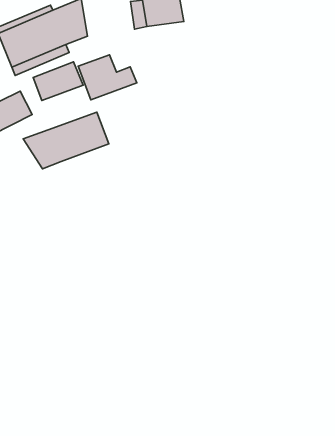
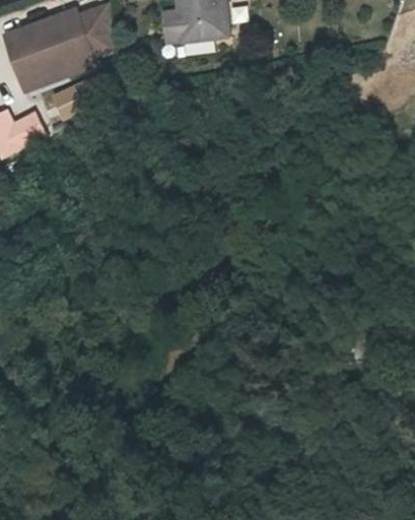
building: [78,55,137,100] -> none
building: [23,112,109,169] -> none

